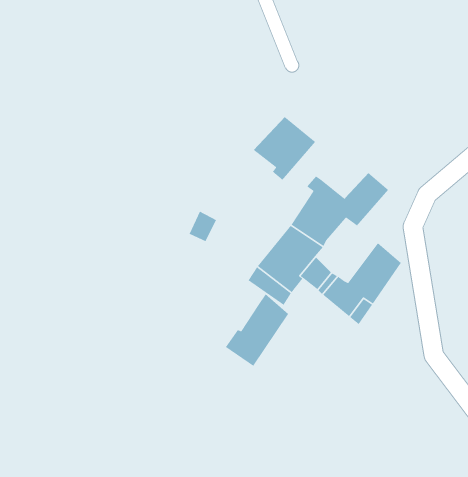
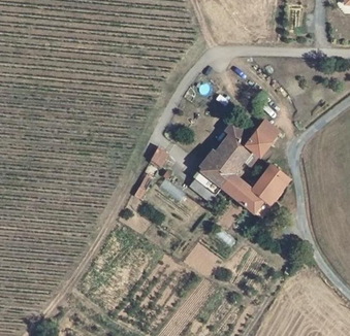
building: [253,116,316,181] -> none
building: [225,293,289,367] -> none

